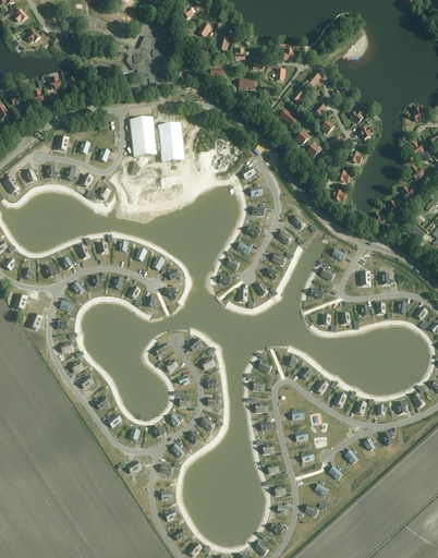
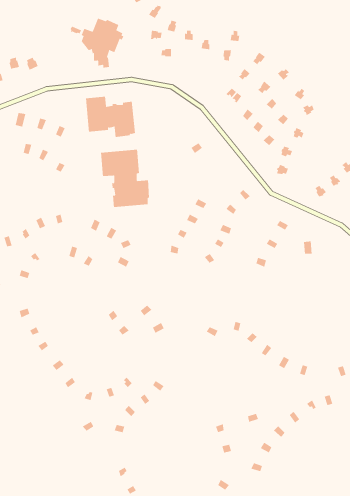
building: none -> [101,149,149,208]

